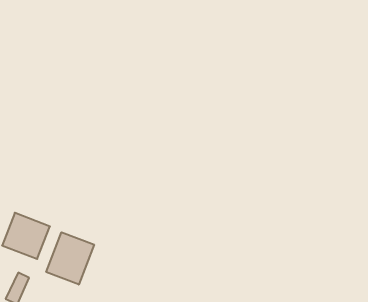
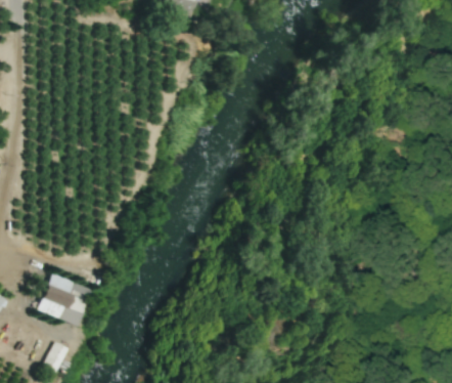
building: [46,232,94,285] -> none

